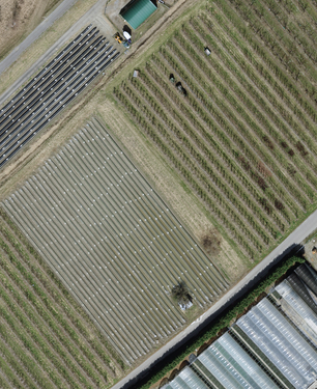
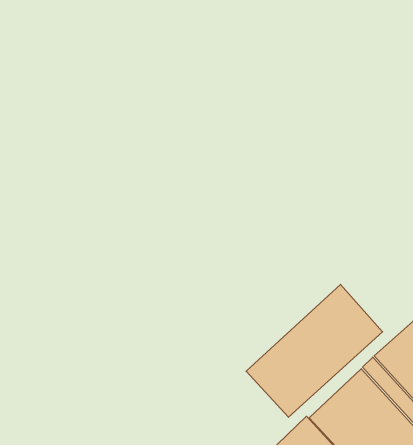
building: none -> [246,284,383,417]

